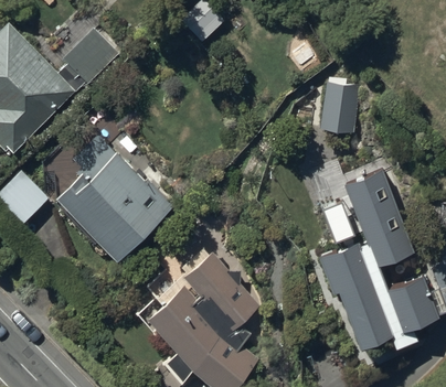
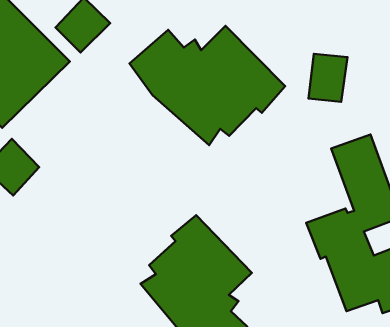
building: none -> [129,26,285,145]
building: [56,131,172,262] -> none

